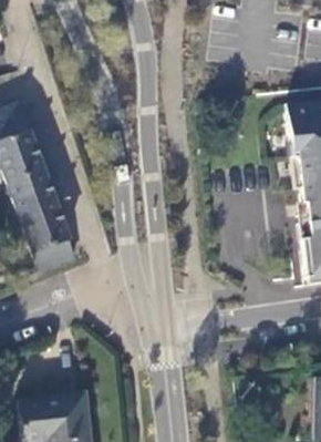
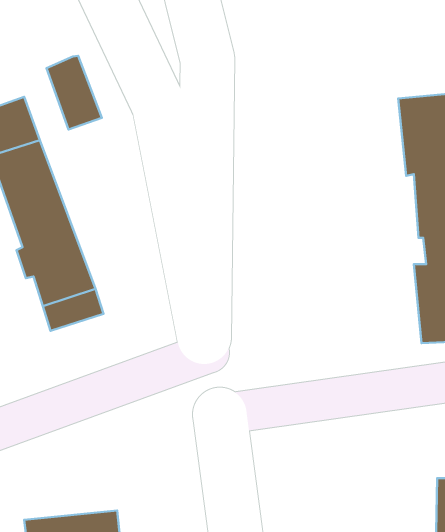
building: none -> [46,56,102,130]

